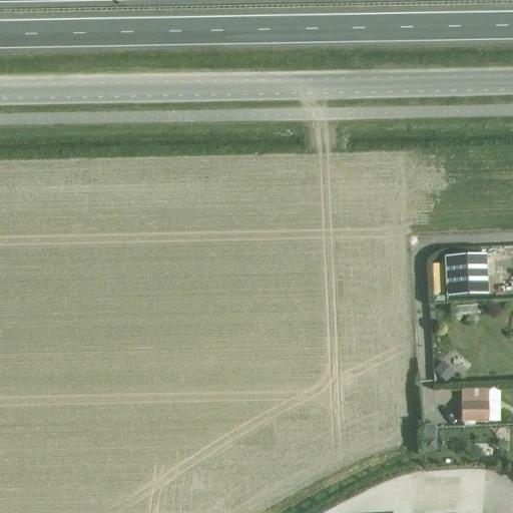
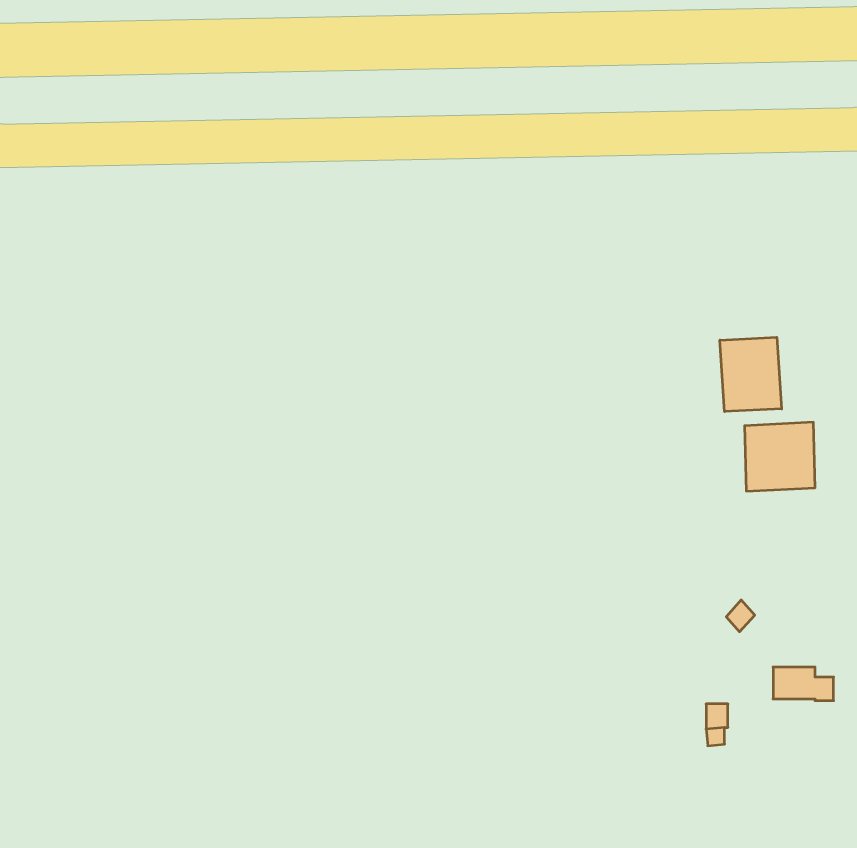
building: none -> [720,337,782,412]

